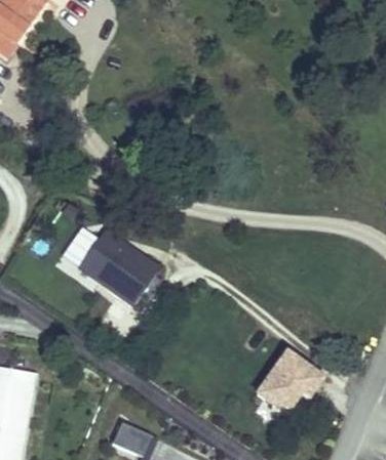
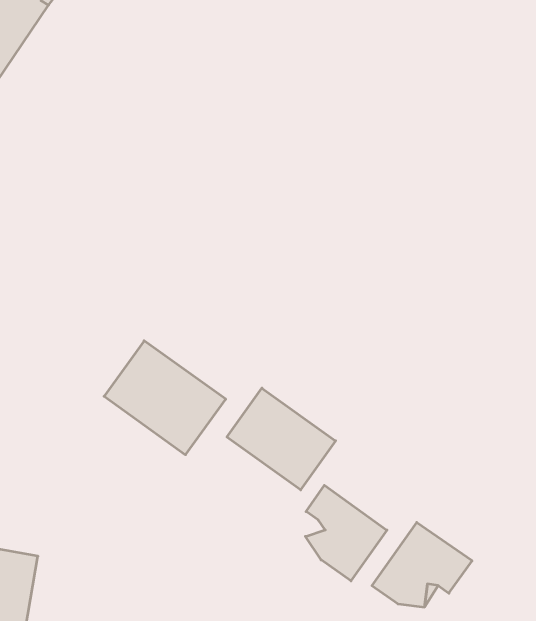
building: none -> [227,388,336,490]
building: none -> [305,485,387,581]

